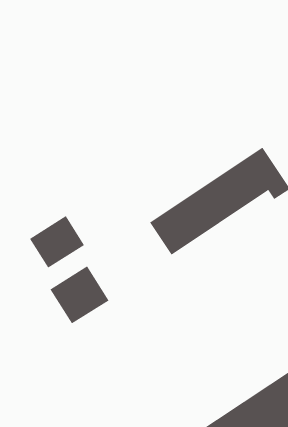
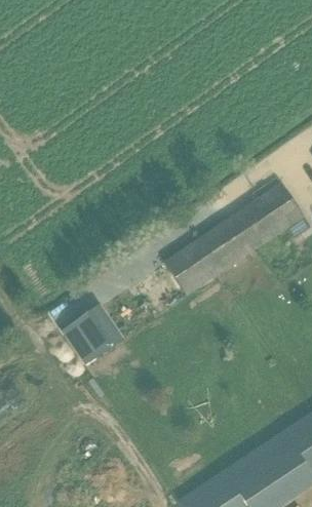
building: [29,215,85,269] -> none

